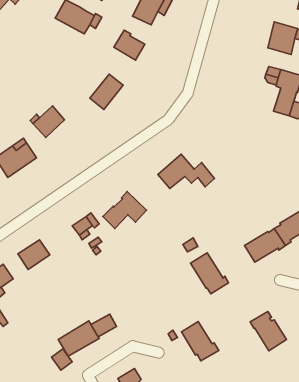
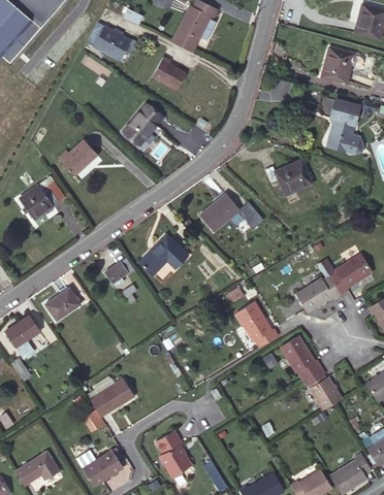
building: none -> [265,159,312,195]
building: [91,314,116,337] -> none
building: [181,322,219,361] -> [280,335,321,378]

